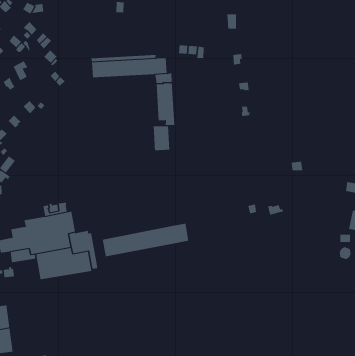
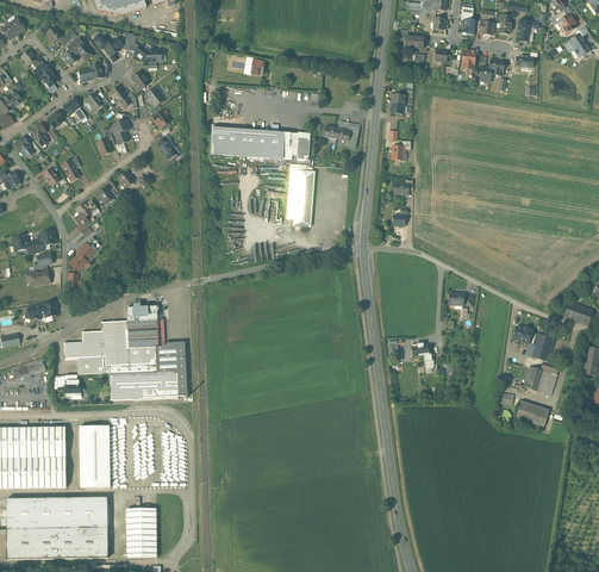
building: [153,126,170,151] -> none
building: [102,223,189,257] -> none
building: none -> [80,424,111,486]

